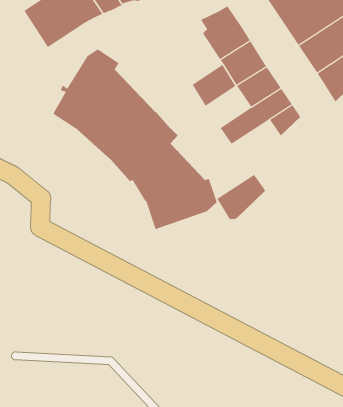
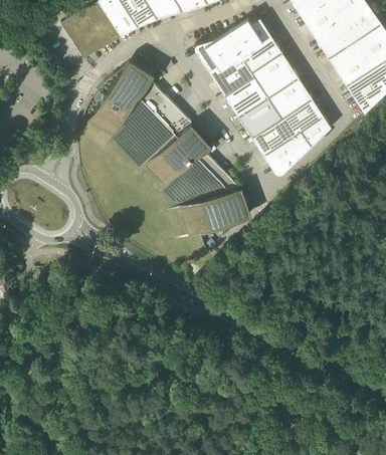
building: none -> [194,31,254,94]
building: none -> [237,95,281,137]
building: [216,174,266,220] -> [262,129,311,173]

